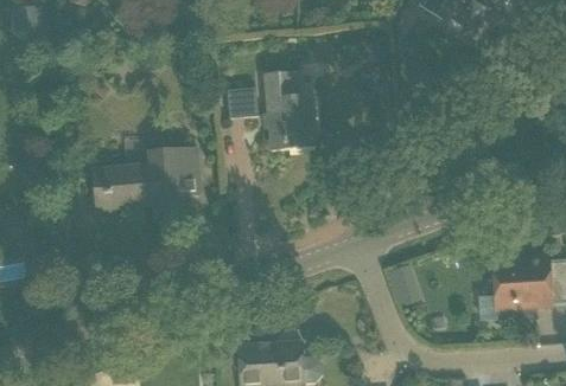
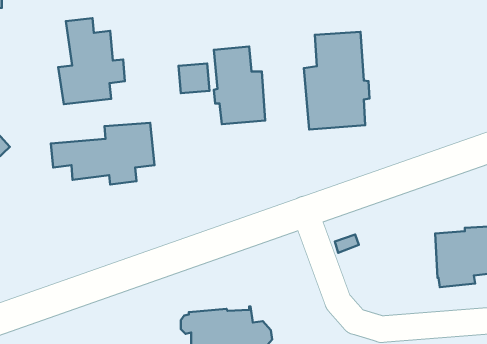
building: none -> [58,18,125,104]
building: none -> [304,32,370,130]

